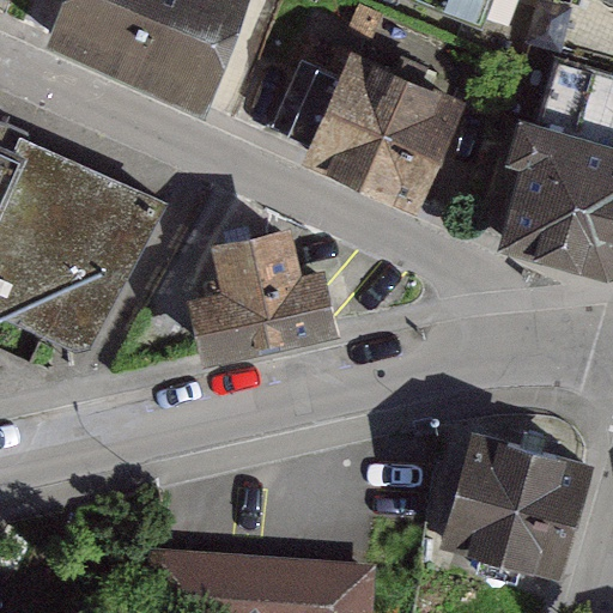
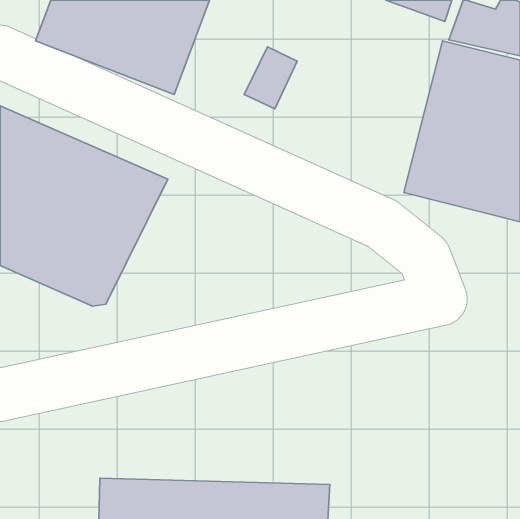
building: [330,56,503,211] -> none
building: [178,218,352,354] -> none
building: [437,438,584,582] -> none

